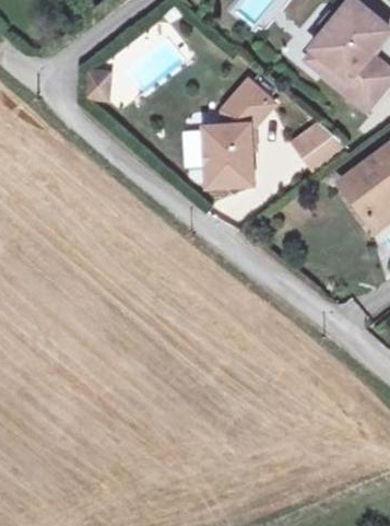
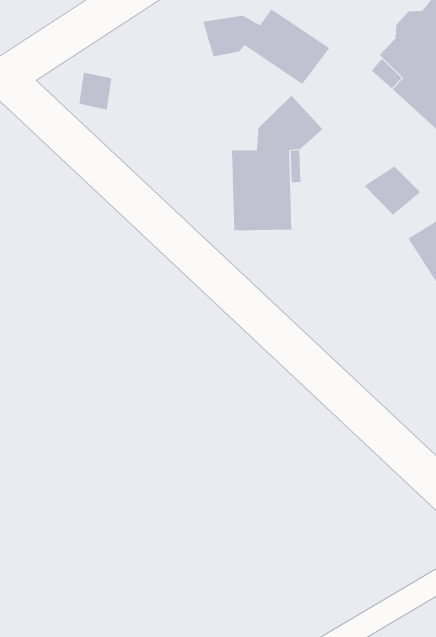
building: none -> [203,9,330,85]

